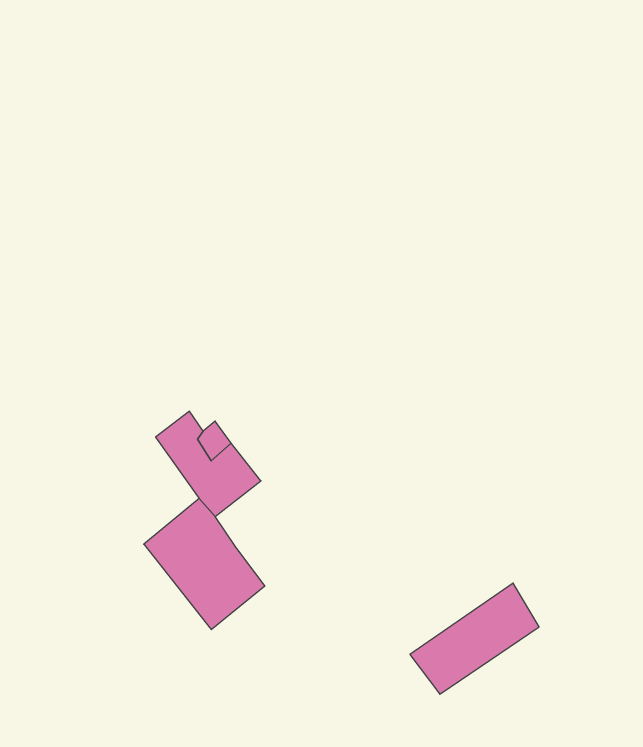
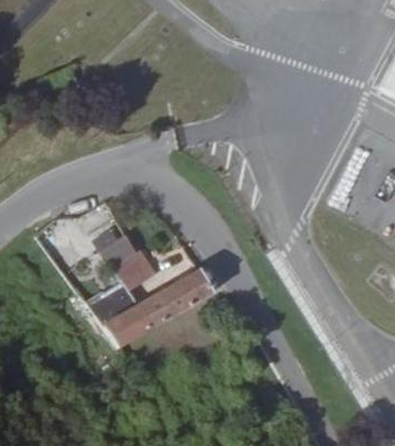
building: [410,583,539,694] -> [144,264,216,326]

